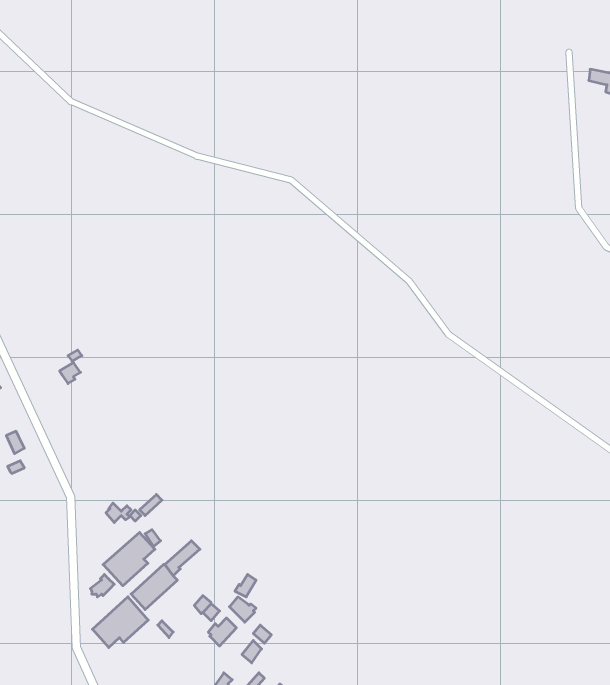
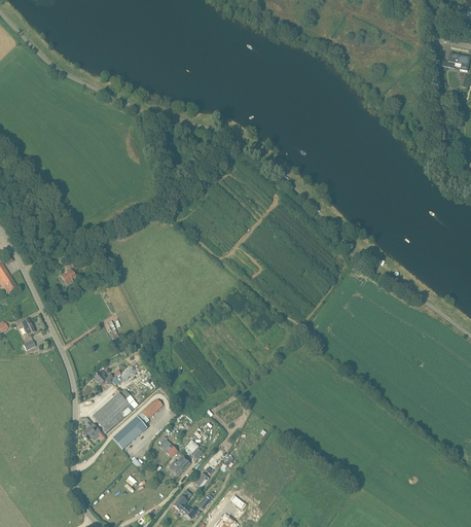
building: [92,597,148,648] -> none

